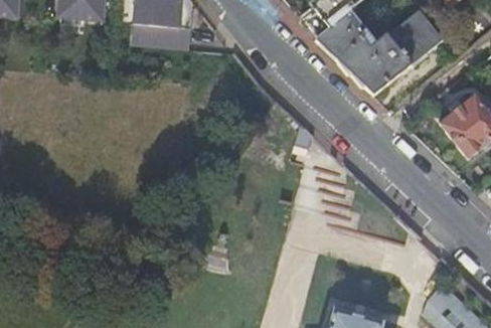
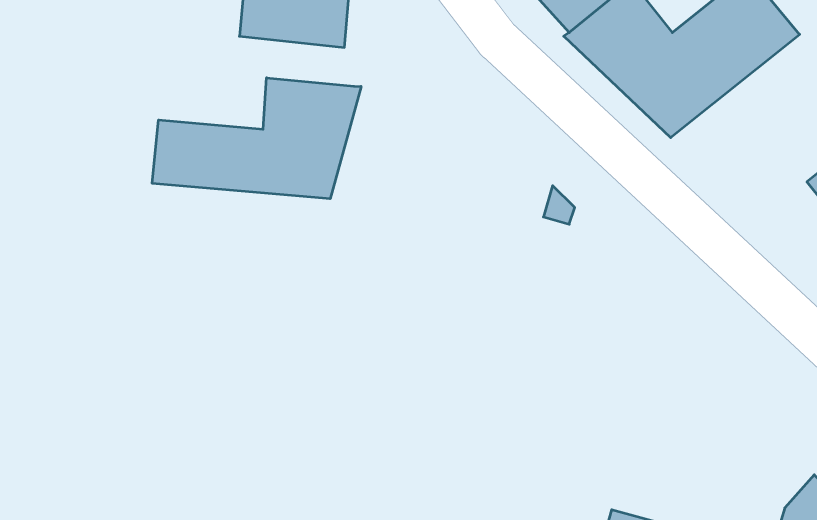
building: none -> [152,78,361,199]

